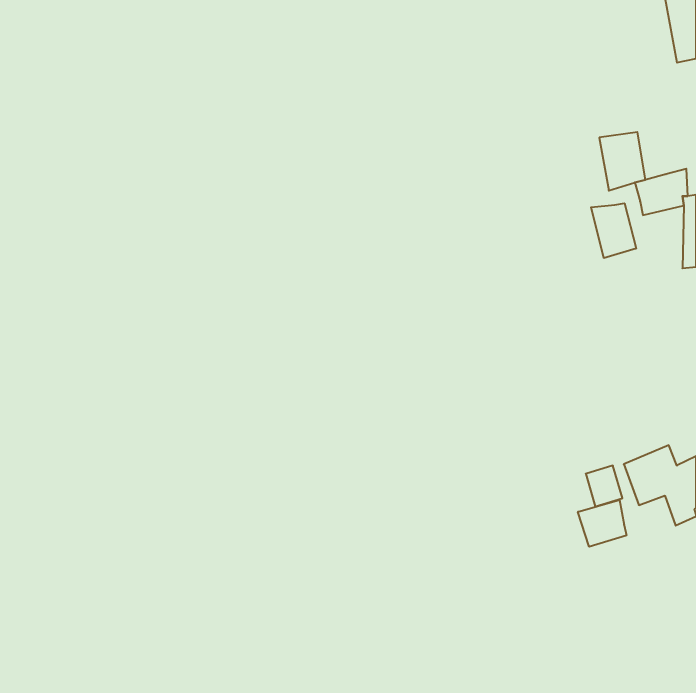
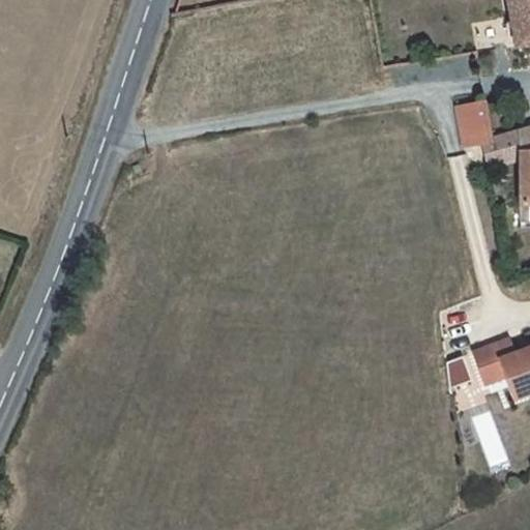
building: [591,203,636,258] -> none
building: [578,500,626,547] -> none

